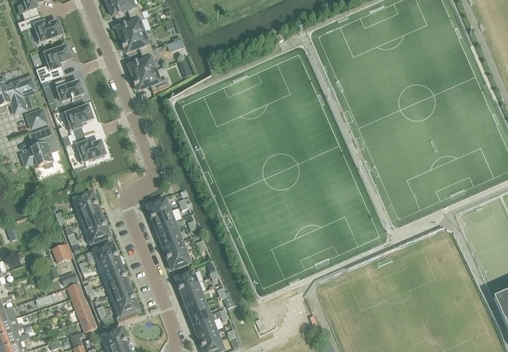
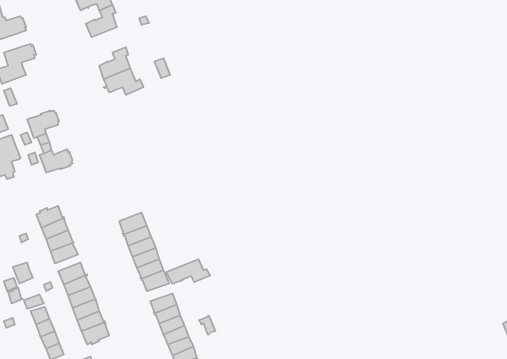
building: [122,30,153,53] -> none
building: [55,78,84,100] -> none
building: none -> [166,259,210,284]

